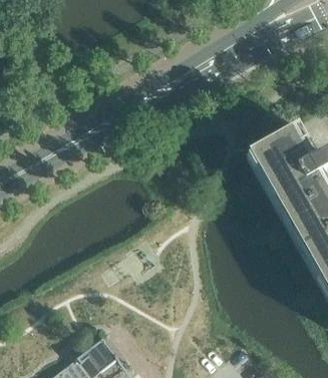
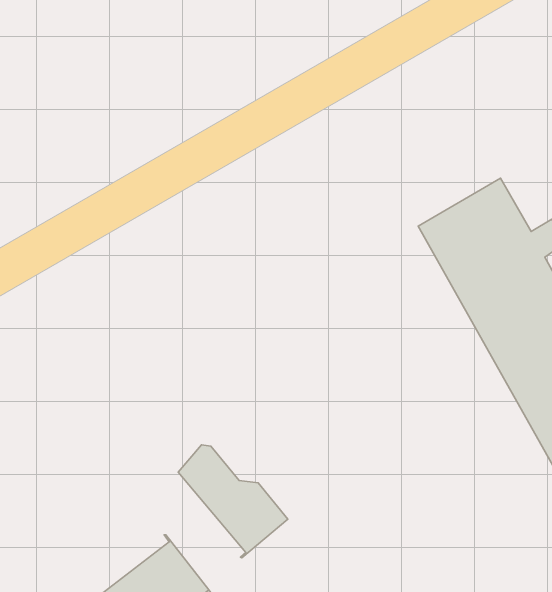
building: none -> [178,445,288,558]

